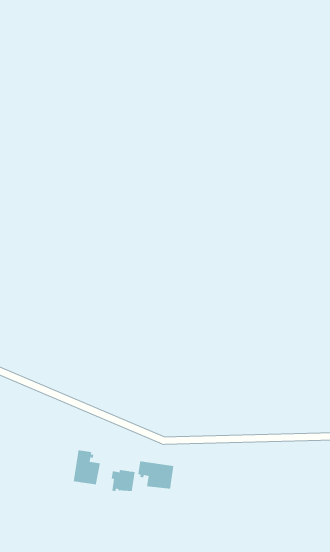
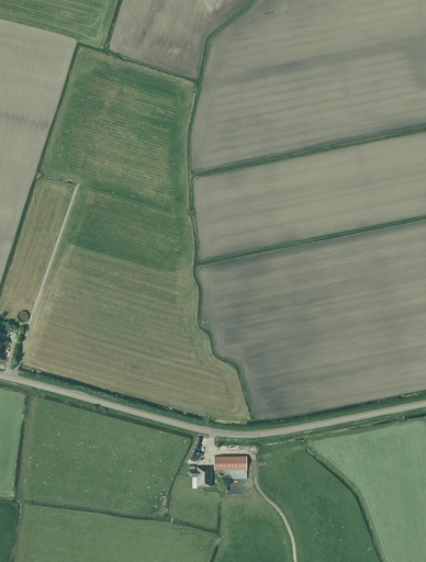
building: [73,450,101,485] -> none

